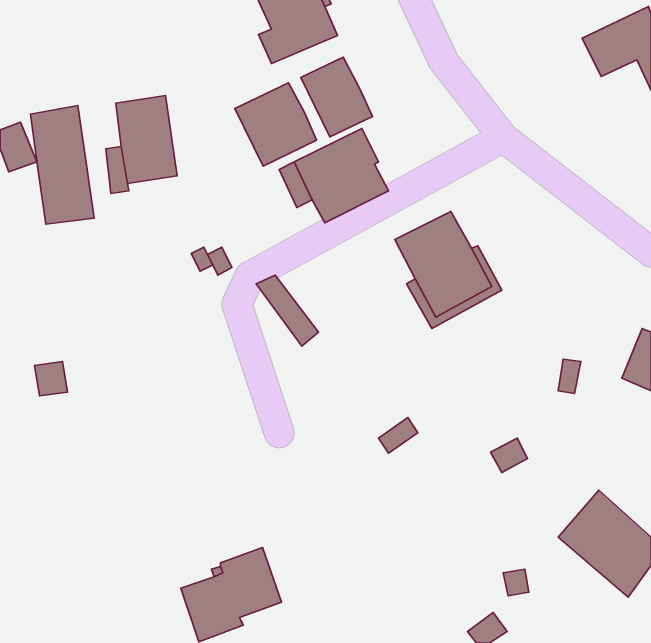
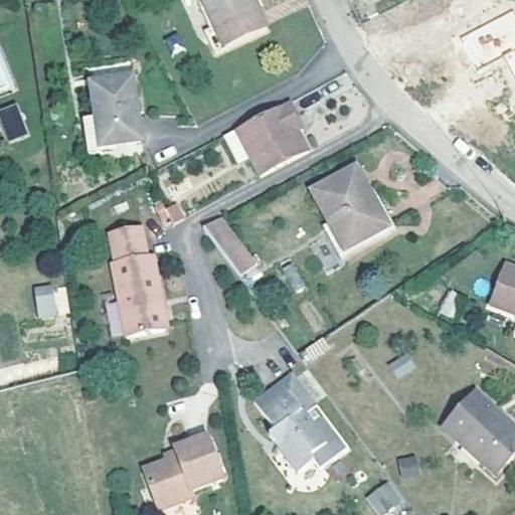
building: [301,57,372,137] -> none
building: [235,83,317,166] -> none
building: [31,105,94,224] -> none
building: none -> [110,221,163,334]
building: none -> [253,370,348,470]

